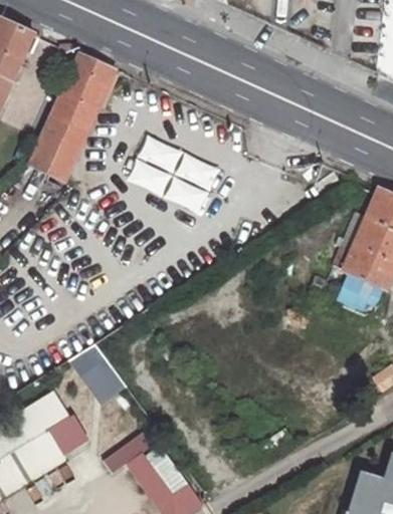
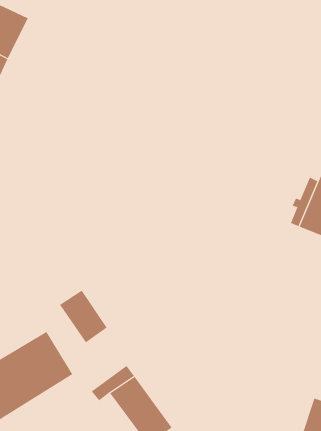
building: [34,53,116,178] -> none
building: [130,138,221,211] -> none

